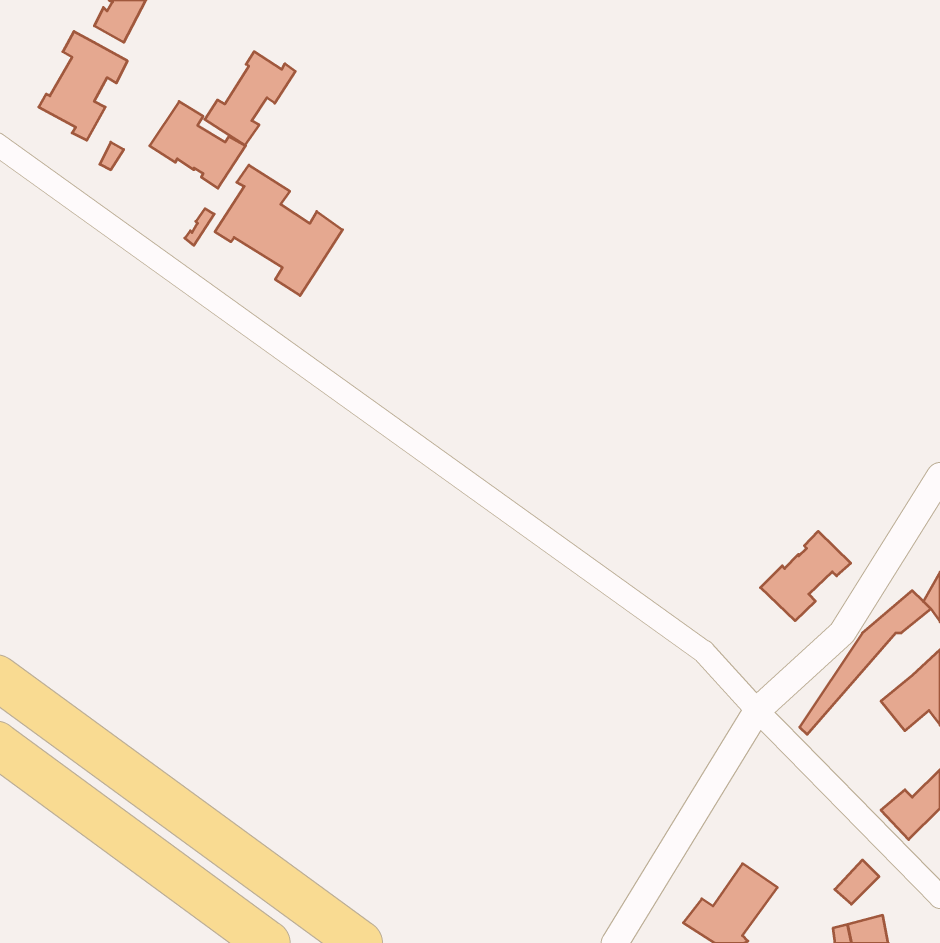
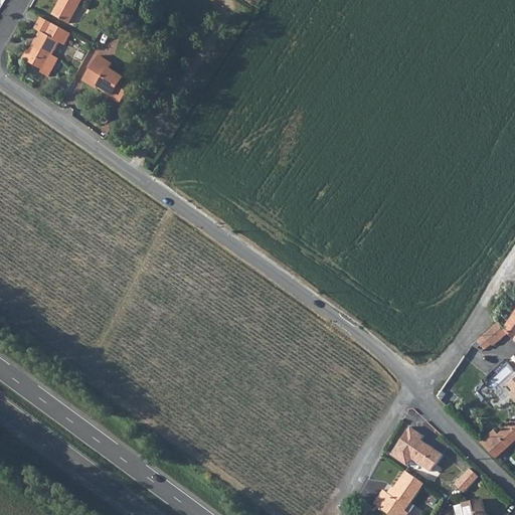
building: [205,52,295,145] -> none
building: [215,165,343,296] -> none
building: [760,531,851,621] -> none
building: none -> [389,426,441,472]

